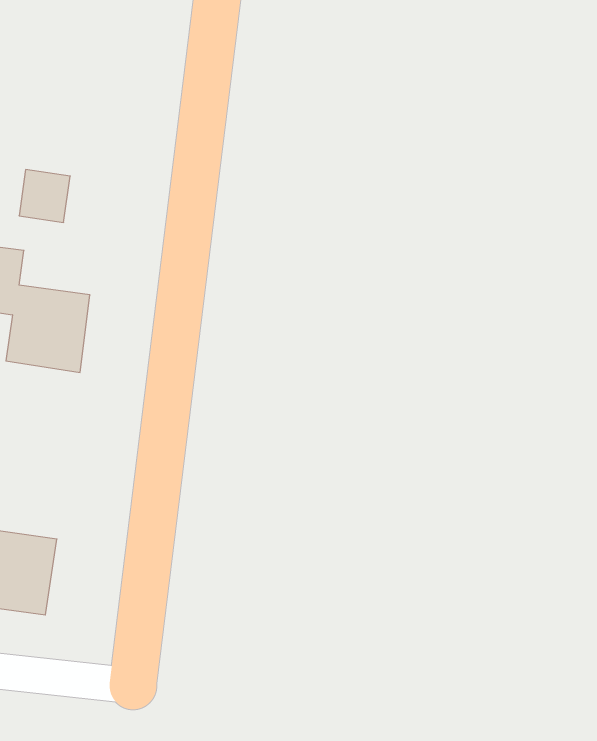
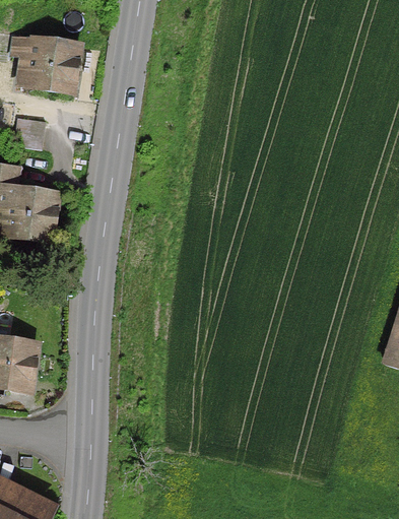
building: none -> [10,35,79,92]

